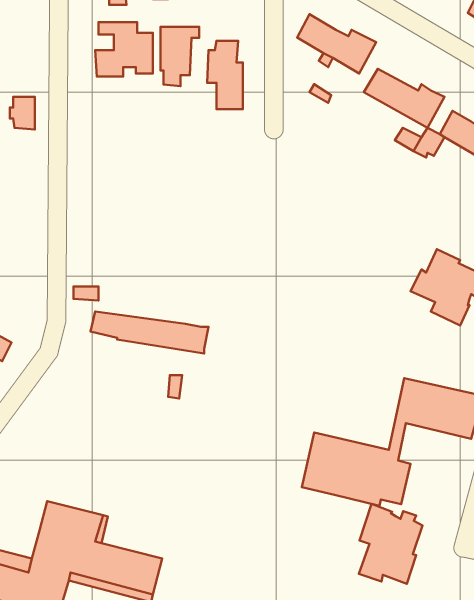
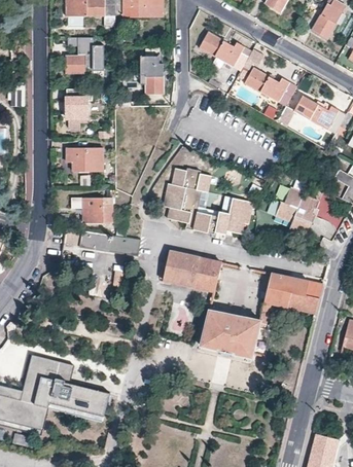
building: [160,27,199,86] -> [67,88,93,128]
building: none -> [67,147,103,171]
building: none -> [163,168,252,233]
building: none -> [84,196,112,223]
building: none -> [163,251,221,291]
building: [359,504,422,584] -> none

